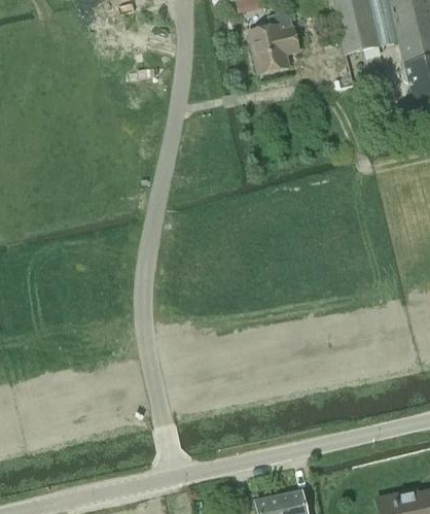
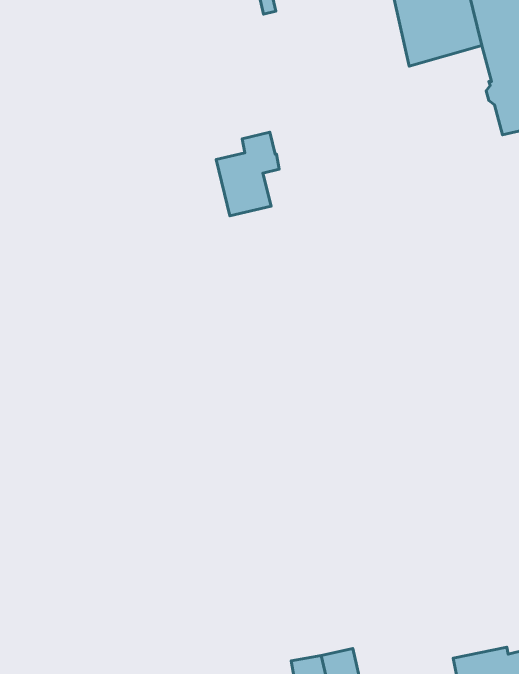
building: [249,11,296,74] -> [216,132,279,216]

